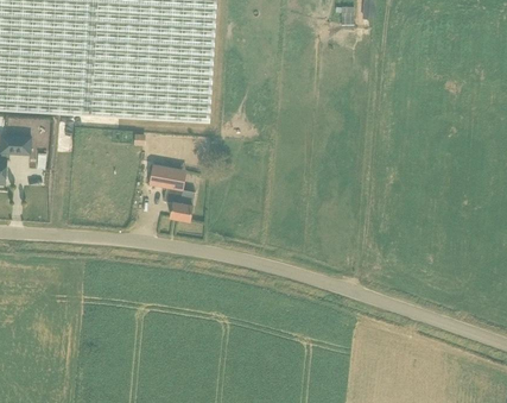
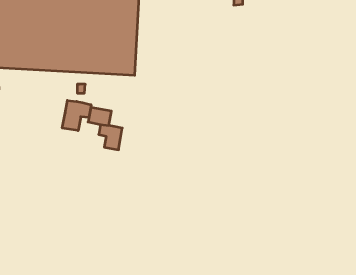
building: none -> [62,100,91,131]

